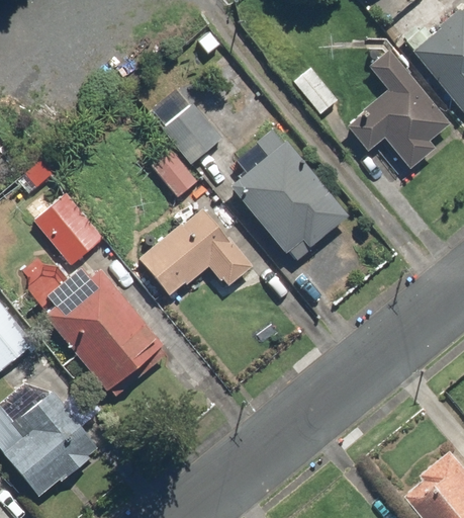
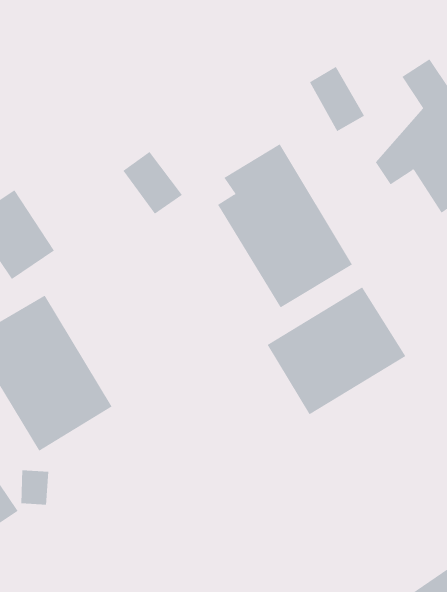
building: [162,99,221,160] -> none
building: [135,207,250,298] -> none
building: none -> [267,286,406,415]

